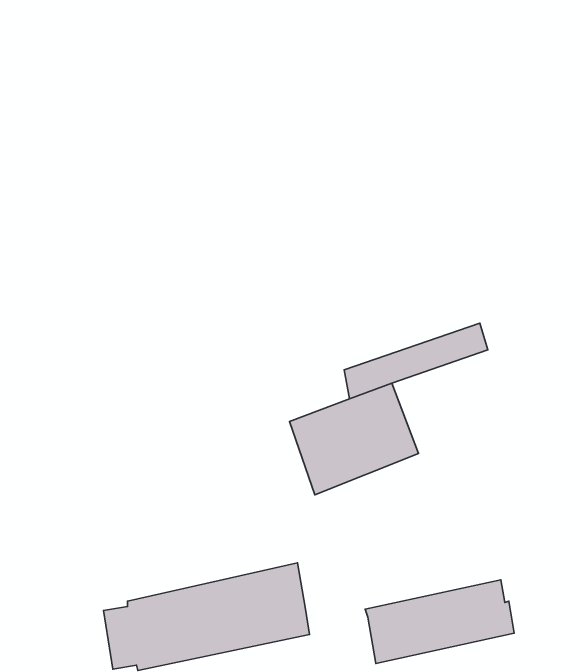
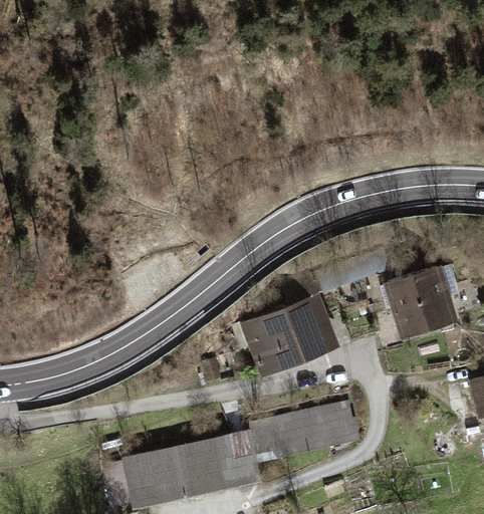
building: none -> [385,268,457,340]
building: [365,580,514,664] -> [247,401,359,464]

